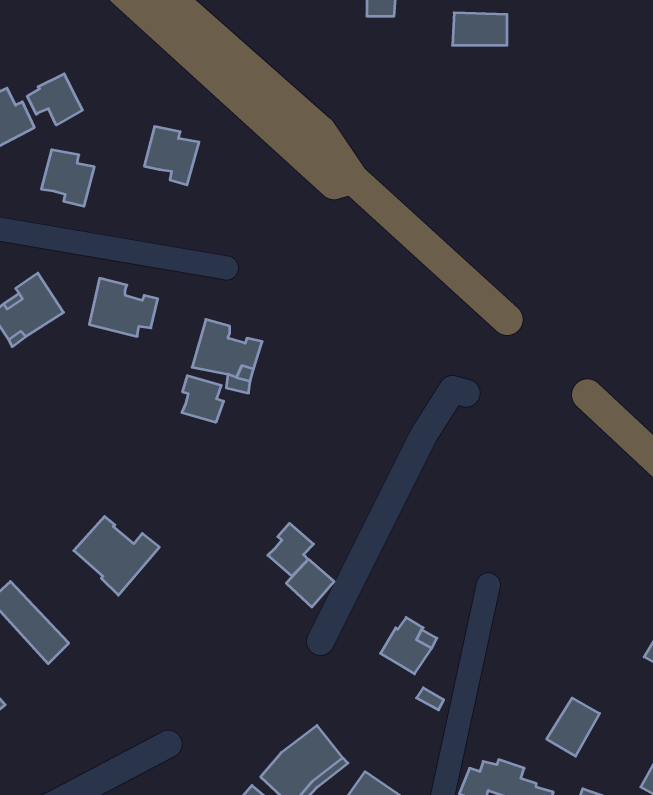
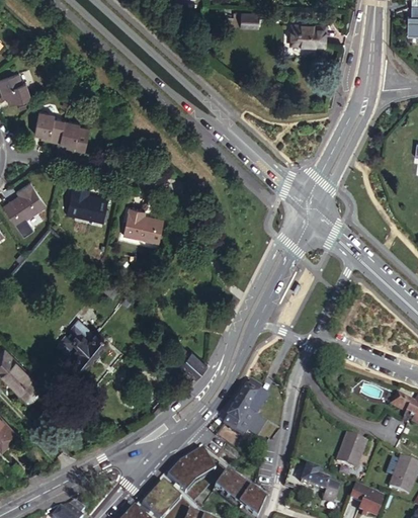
building: [27,74,82,125] -> none
building: [144,127,199,185] -> [61,117,93,152]
building: [182,376,224,422] -> none
building: [268,523,314,576] -> none
building: none -> [224,405,256,440]

